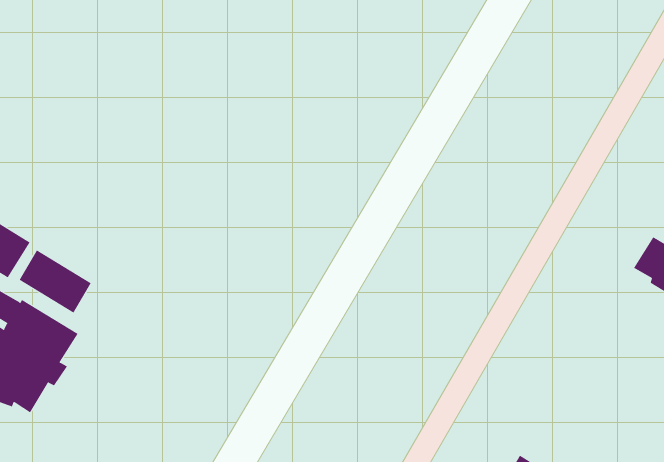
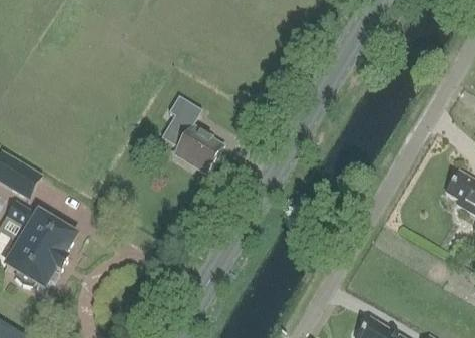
building: none -> [161,94,222,172]
building: [19,250,91,313] -> none

